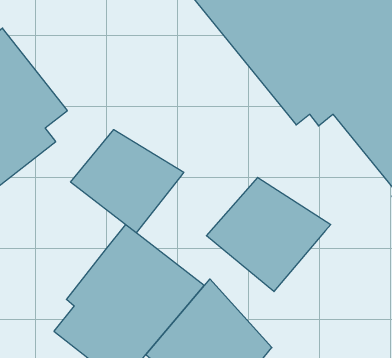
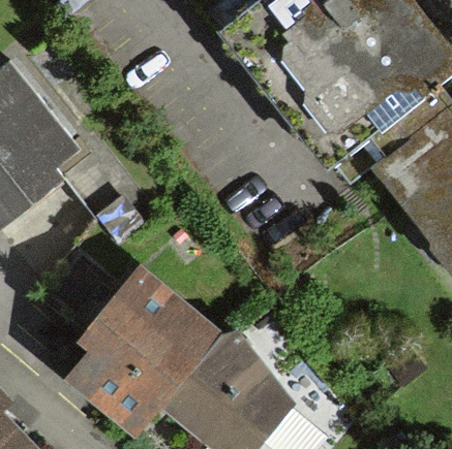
building: [71,130,184,233] -> none
building: [206,177,331,292] -> none

